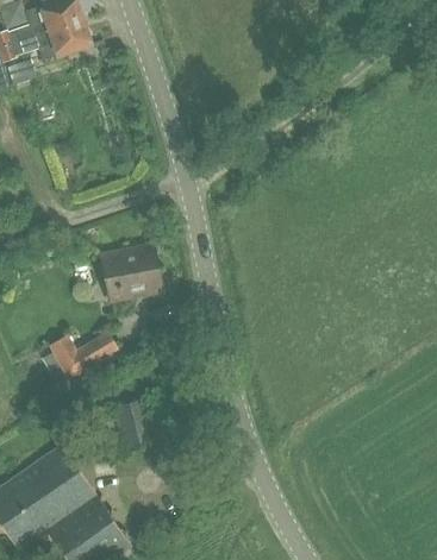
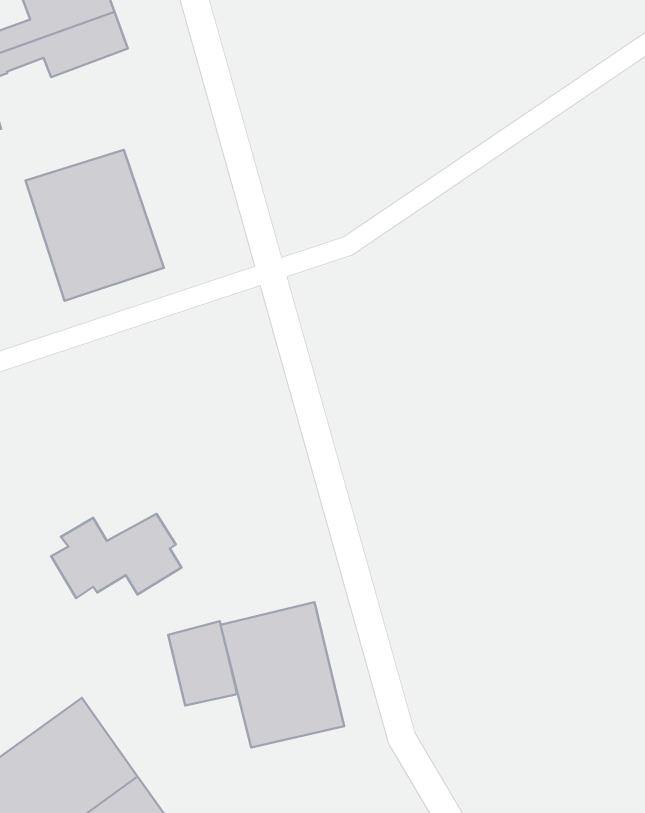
building: none -> [26,150,164,301]
building: [101,246,161,297] -> none
building: none -> [221,602,344,747]

